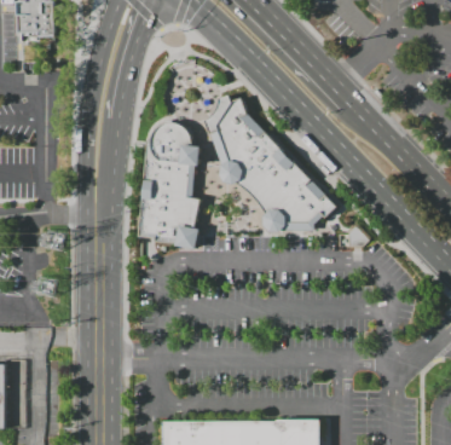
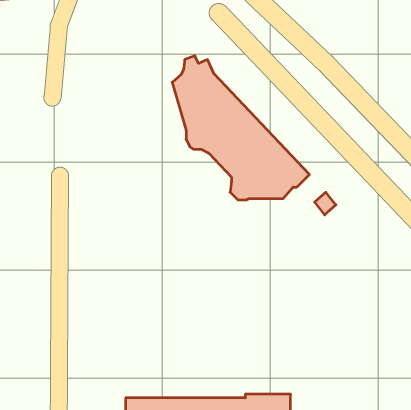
building: [133,123,201,249] -> none

